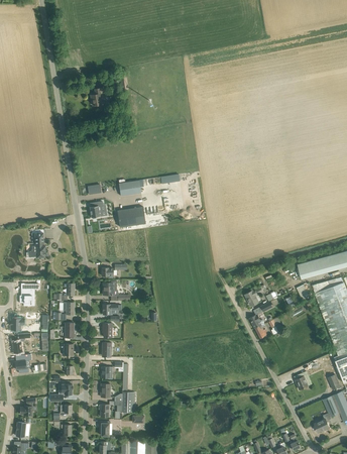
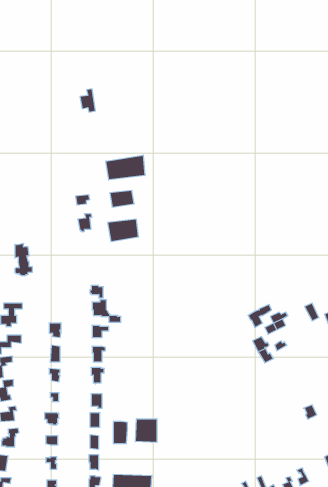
building: none -> [106,155,145,180]
building: none -> [135,419,157,442]

